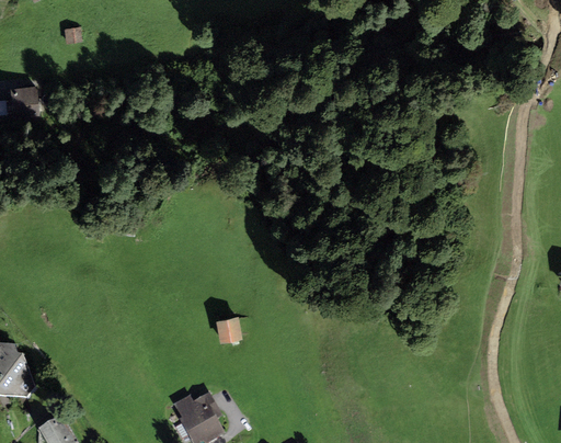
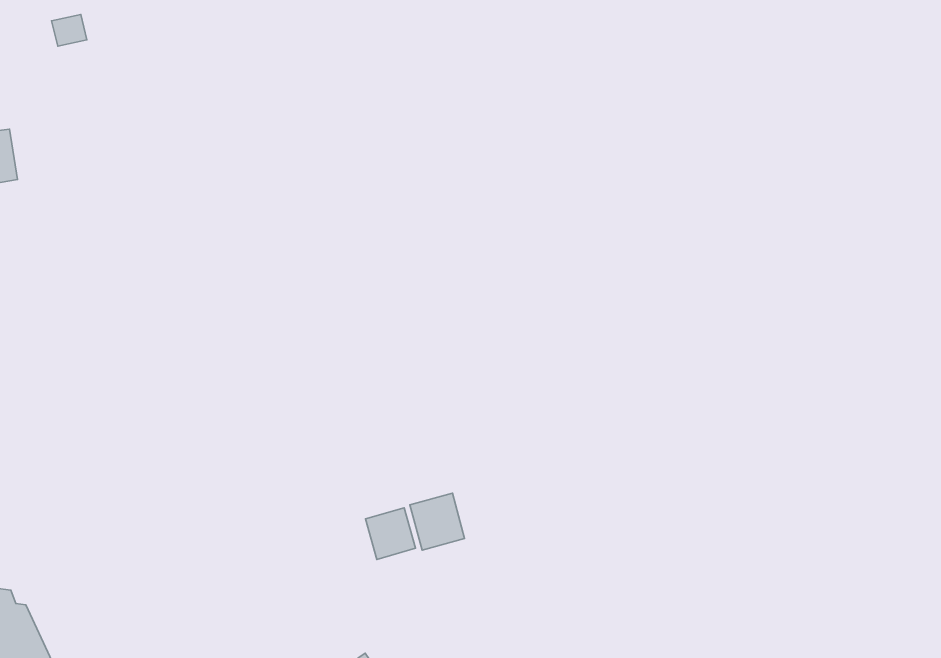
building: none -> [410,493,465,550]

